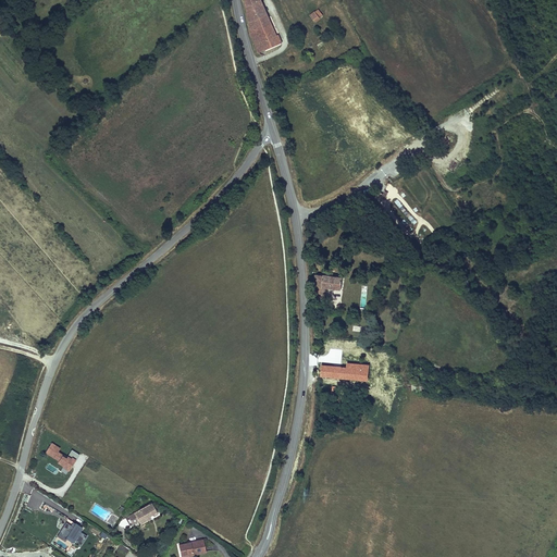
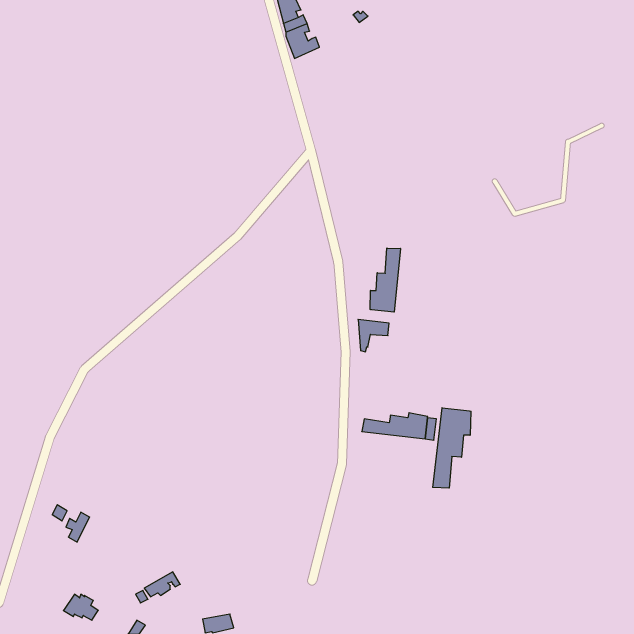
building: none -> [370,248,400,312]
building: none -> [433,408,471,488]

